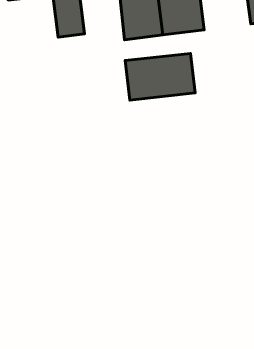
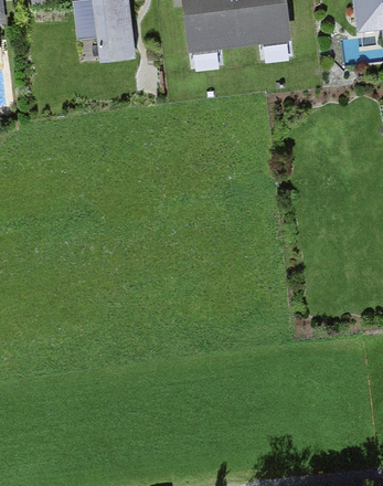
building: [125,53,195,100] -> none

